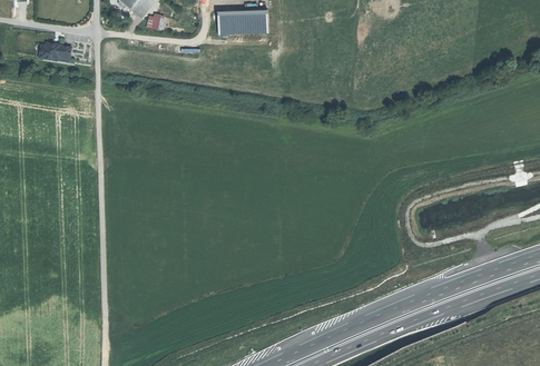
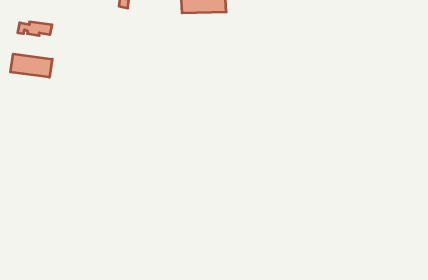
building: none -> [10,54,52,77]

